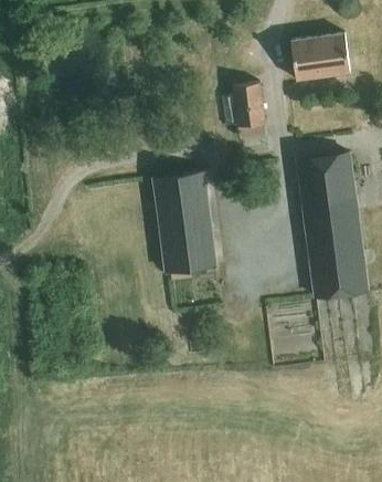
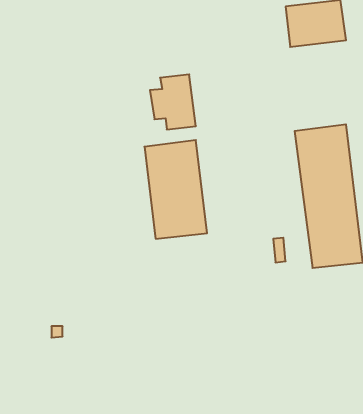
building: [221,84,266,138] -> [150,74,196,129]

